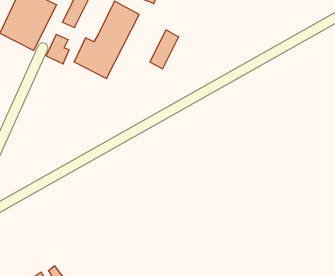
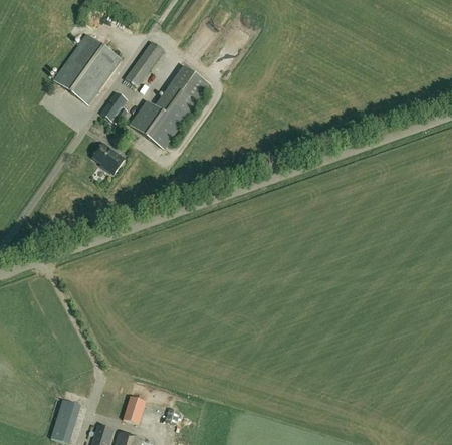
building: [150,30,179,69] -> none
building: none -> [92,144,124,174]

